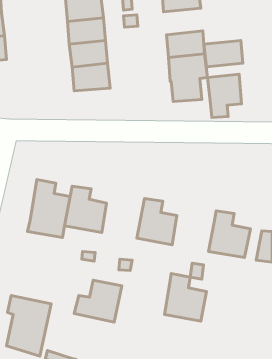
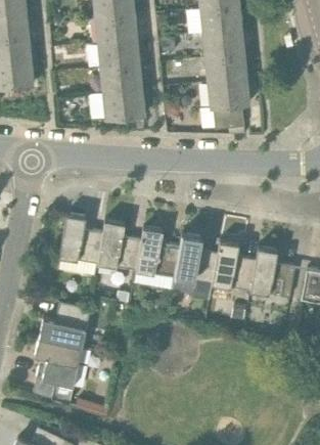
building: [204,40,243,67] -> [202,31,244,59]
building: [207,74,242,118] -> none
building: none -> [136,228,180,278]
building: [165,274,207,321] -> [212,241,257,293]
building: [74,280,122,322] -> [39,304,90,349]

